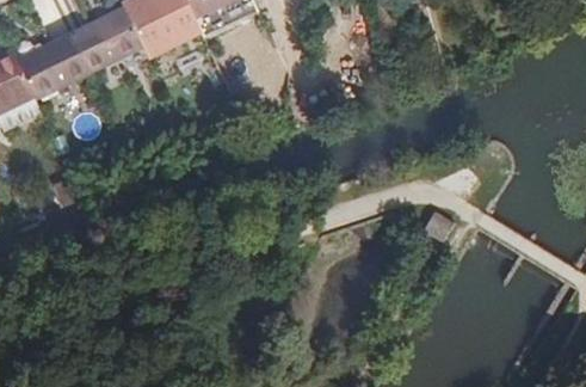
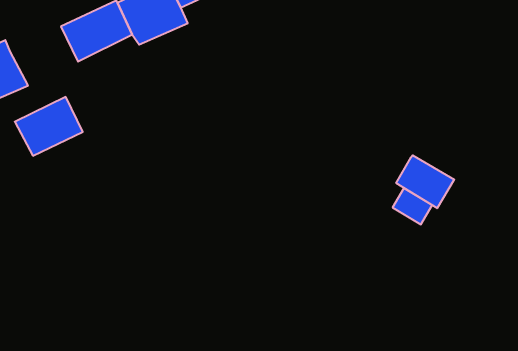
building: [14,36,86,98] -> [15,97,83,156]
building: none -> [396,155,454,208]

